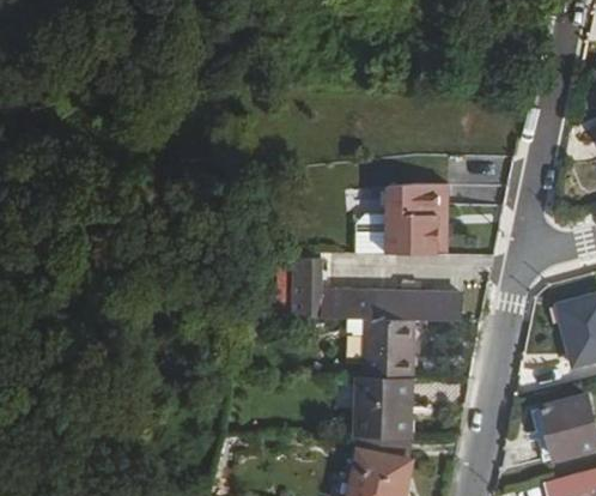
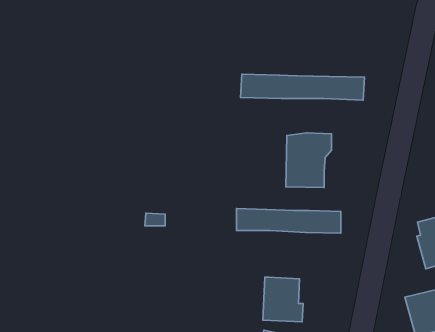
building: none -> [241,74,365,100]
building: [296,256,324,317] -> none
building: [366,317,415,381] -> none

